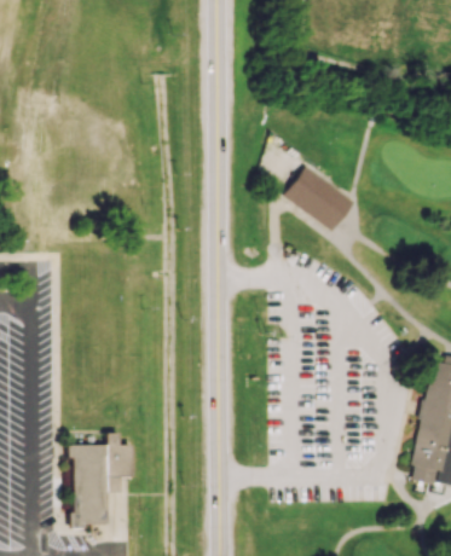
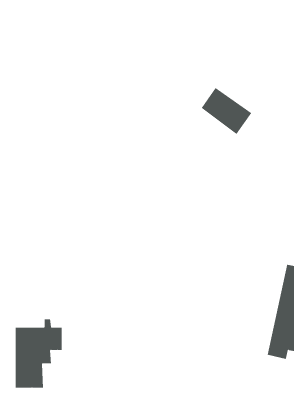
building: [285,166,354,230] -> [201,87,252,135]

